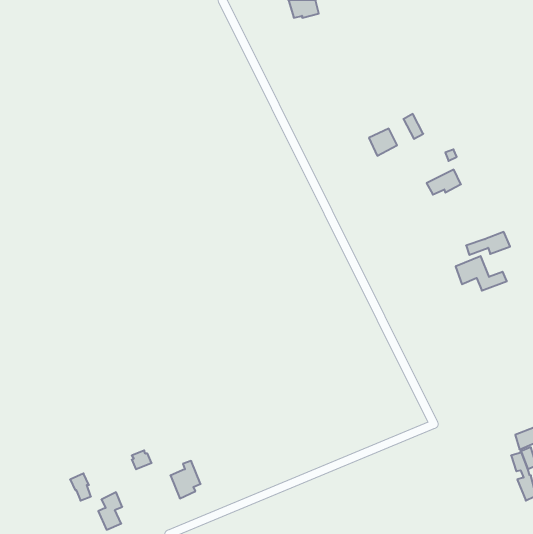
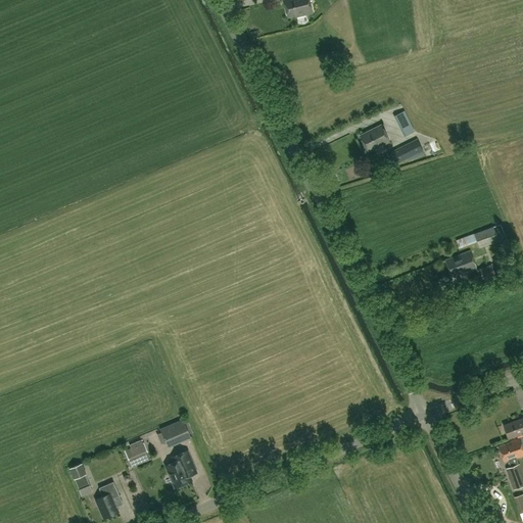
building: [427,170,461,195] -> [391,139,425,163]
building: none -> [162,420,190,444]

